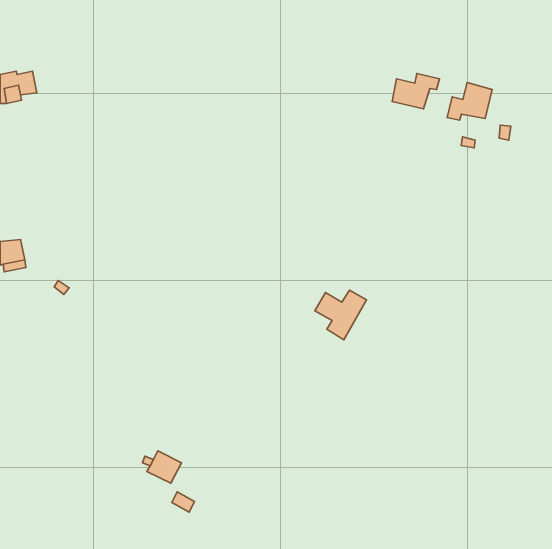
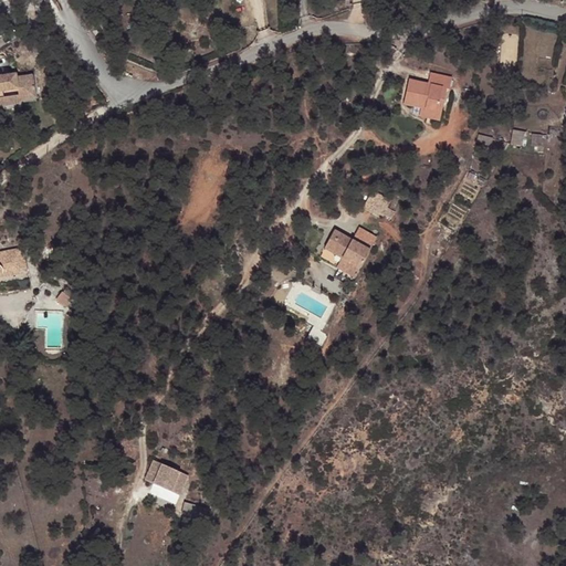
building: [447,83,492,120] -> none
building: [315,290,367,340] -> [324,226,377,276]

